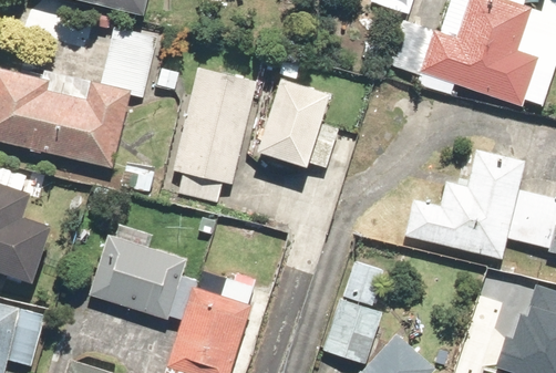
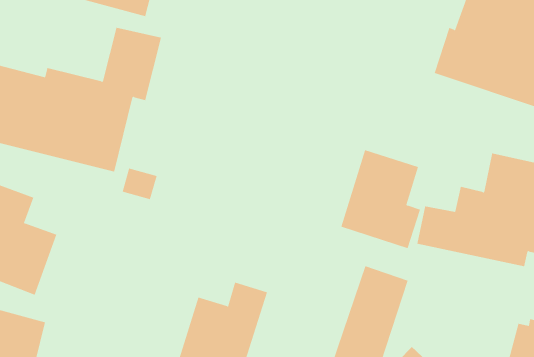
building: [173,66,254,207] -> none
building: [261,74,339,169] -> [340,150,421,249]
building: [87,221,192,325] -> none

